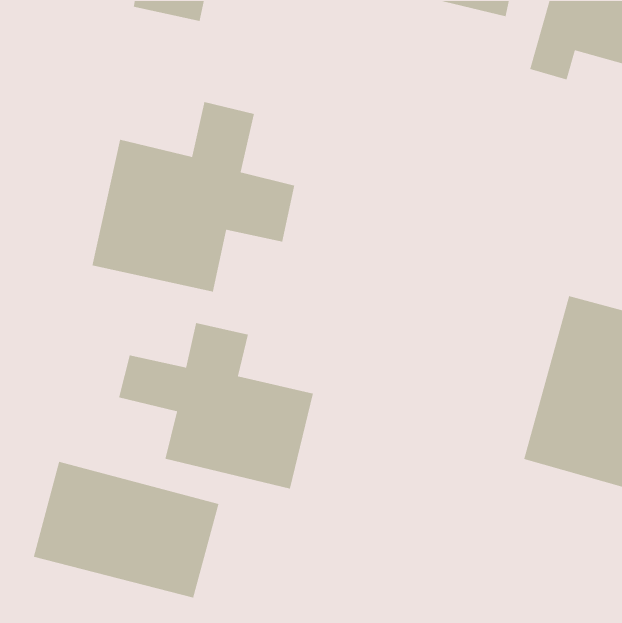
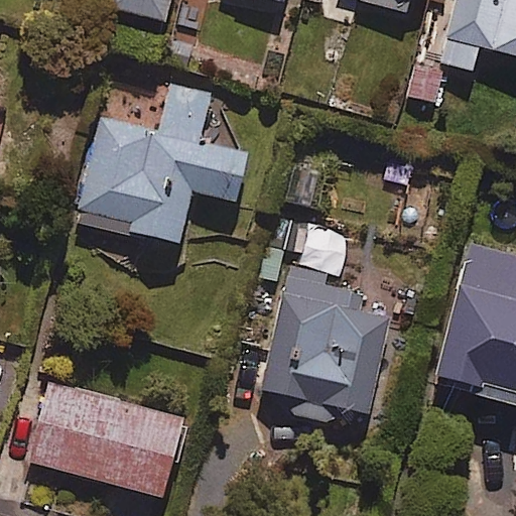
building: none -> [259,266,390,416]
building: [118,322,314,490] -> none

